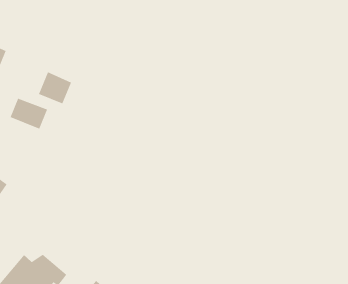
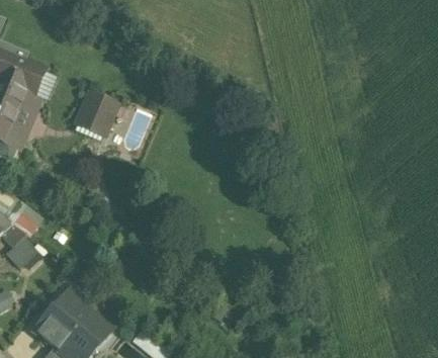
building: [10,98,48,130] -> none

